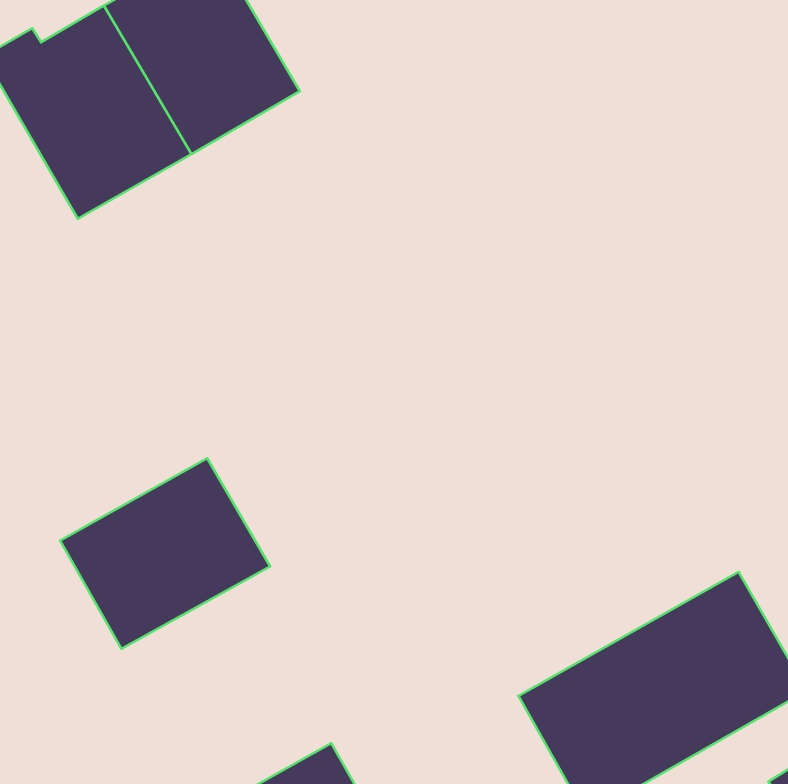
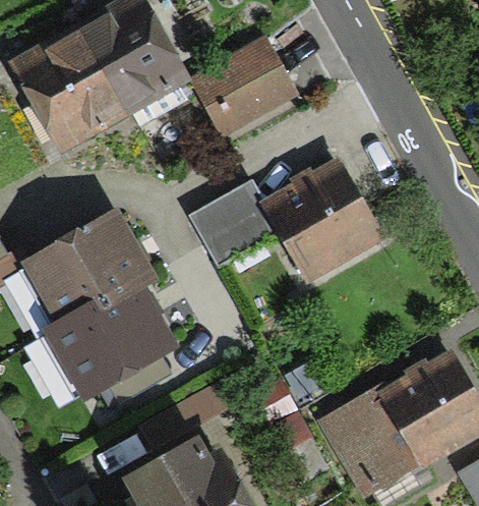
building: none -> [196,46,290,131]
building: none -> [186,169,365,265]
building: none -> [33,225,145,327]

